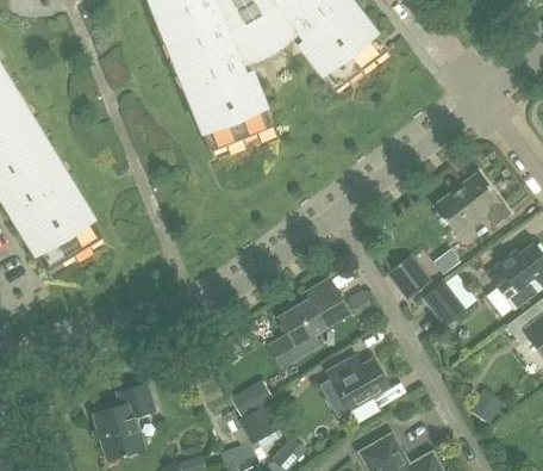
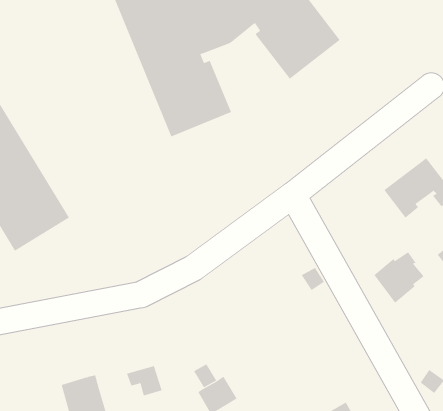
building: [387,254,430,298] -> none
building: [269,287,339,365] -> none
building: [319,355,388,415] -> none
building: [116,383,154,415] -> [126,366,162,396]

